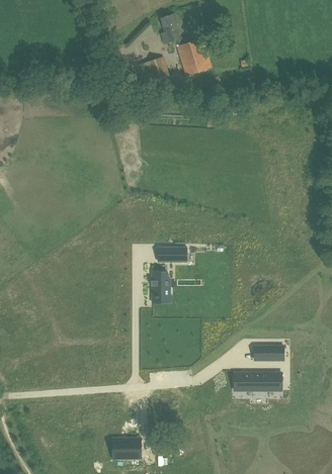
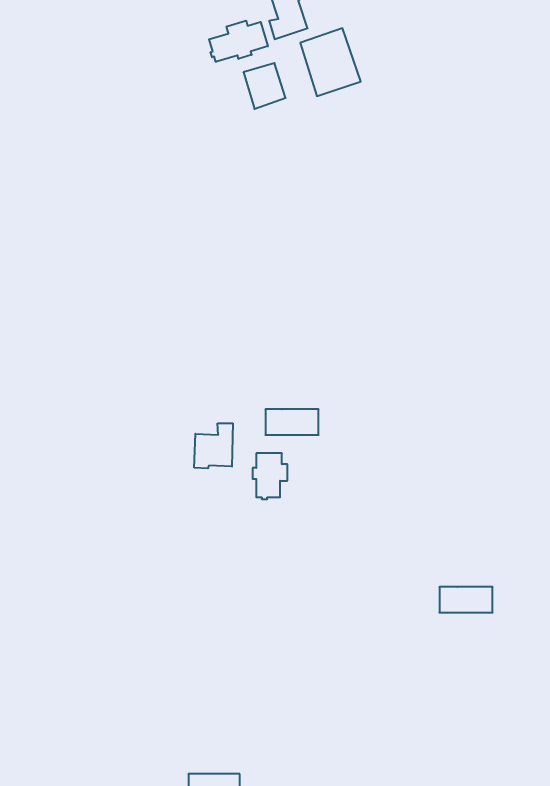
building: none -> [209,21,268,62]
building: none -> [194,423,233,468]
building: [239,372,280,390] -> none

